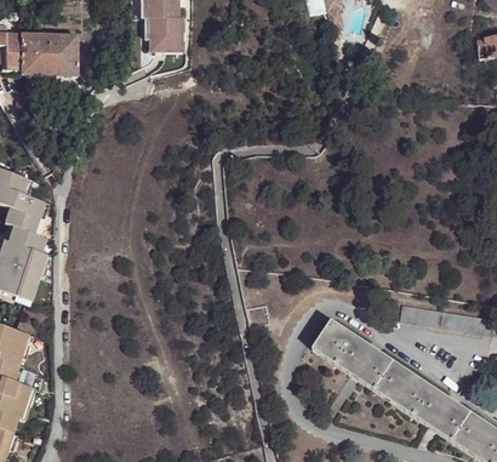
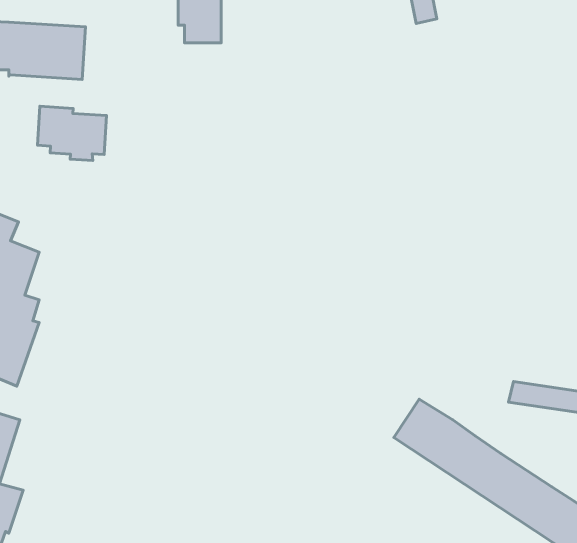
building: none -> [37,106,106,161]

